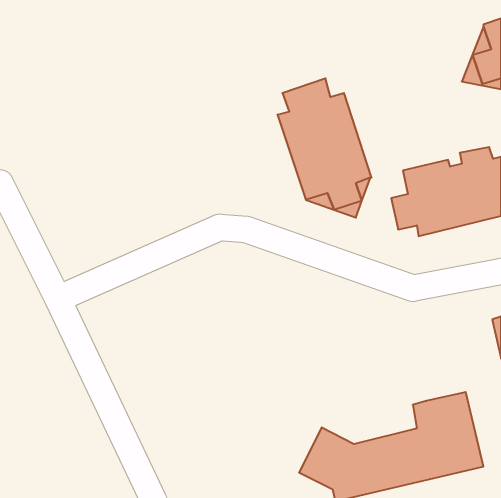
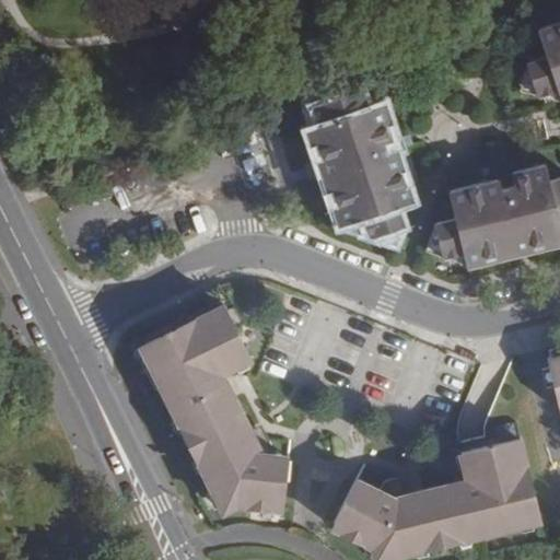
building: none -> [140,306,288,514]

